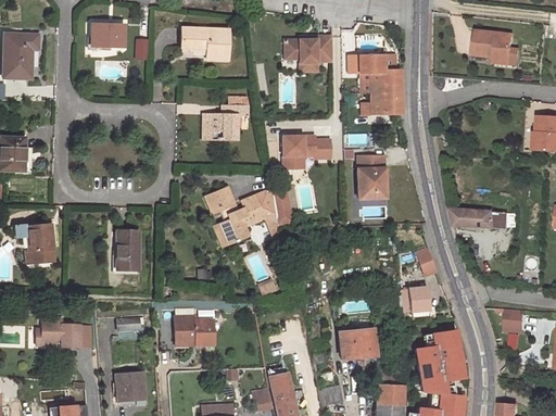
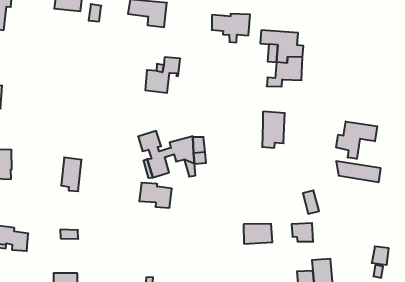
building: [476,30,515,63] -> none
building: [285,135,331,168] -> none
building: none -> [336,121,377,159]
building: [174,317,213,345] -> [139,183,172,208]
building: [339,331,376,358] -> [244,224,272,244]

